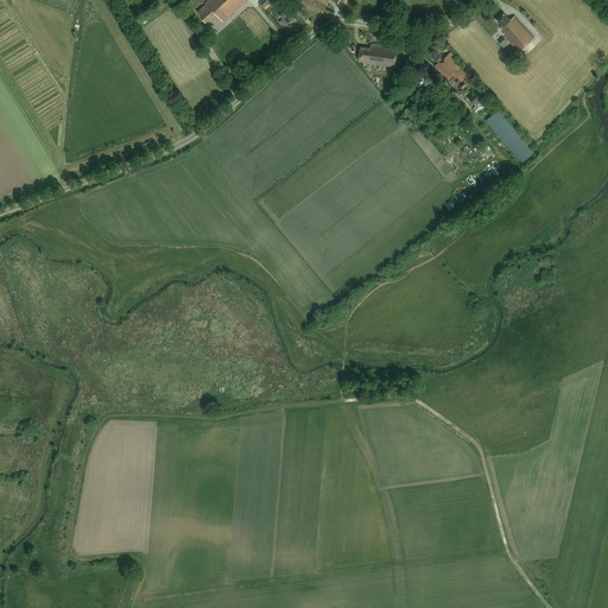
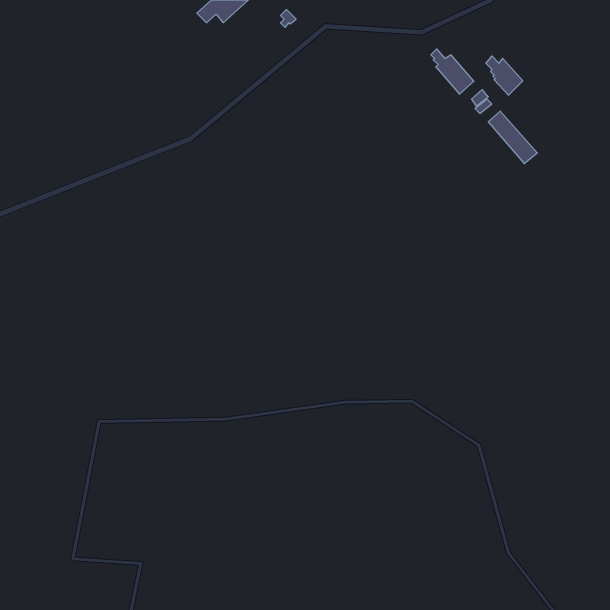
building: [496,14,533,53] -> [486,56,523,95]
building: [359,44,398,68] -> none

